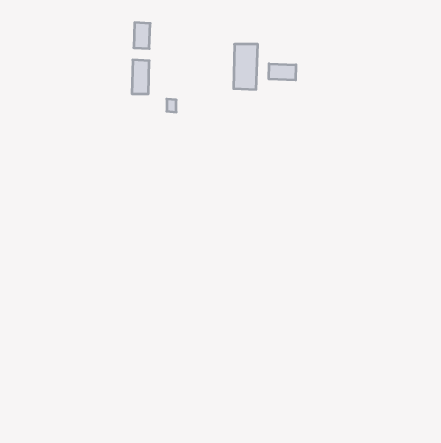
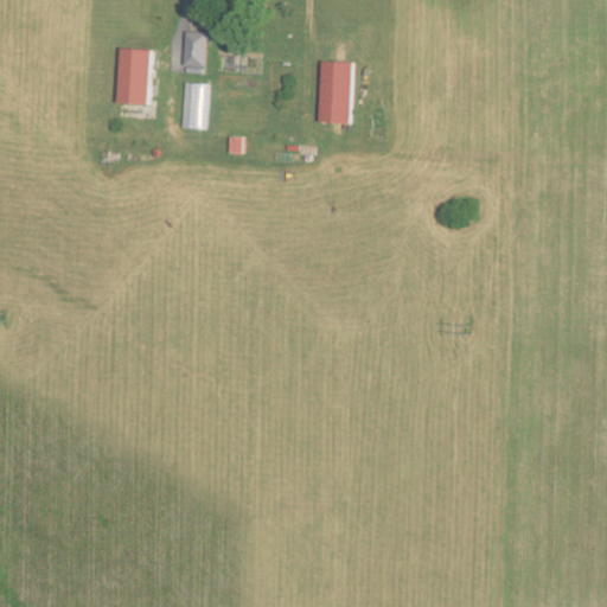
building: none -> [116,49,149,104]
building: [269,64,296,80] -> none

